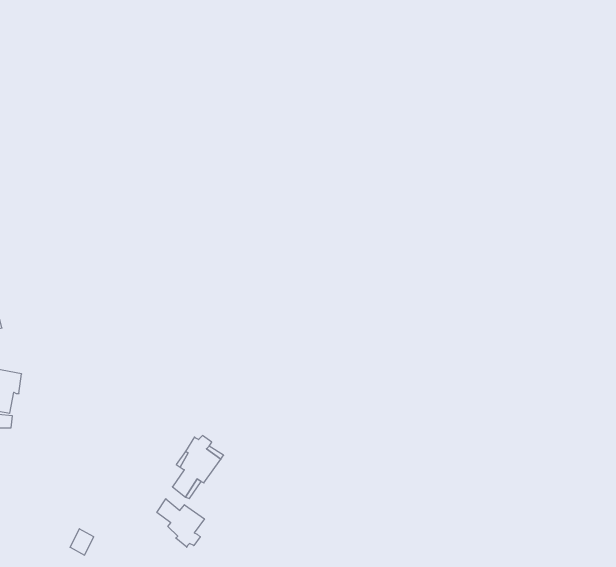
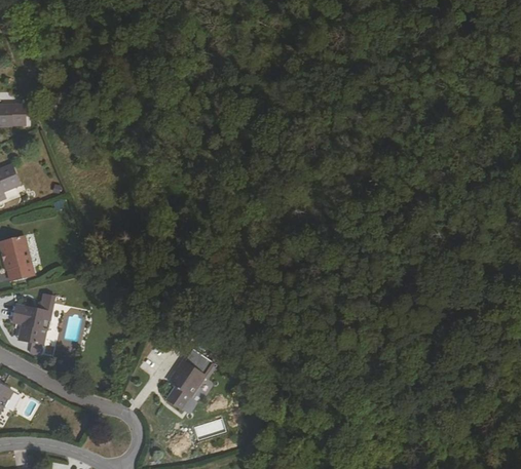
building: [157,499,204,547] -> none

